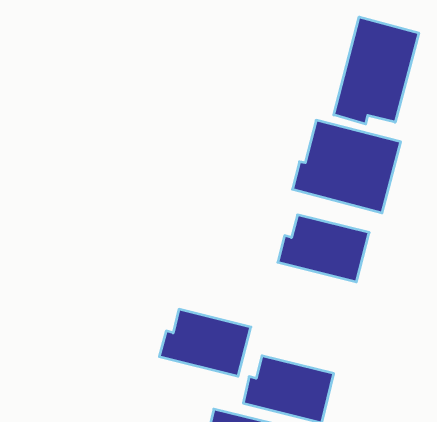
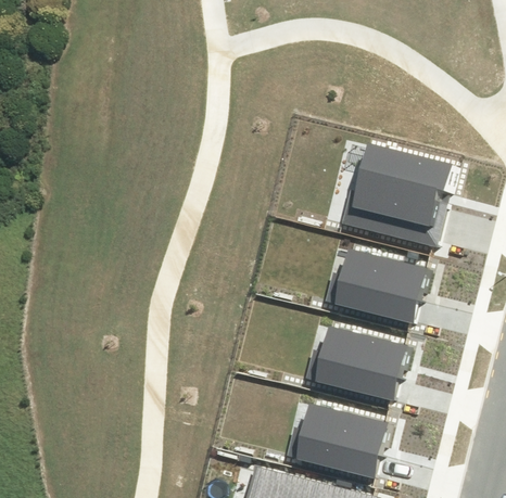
building: [334,17,419,124] -> none
building: [159,309,251,376] -> [306,325,407,399]

